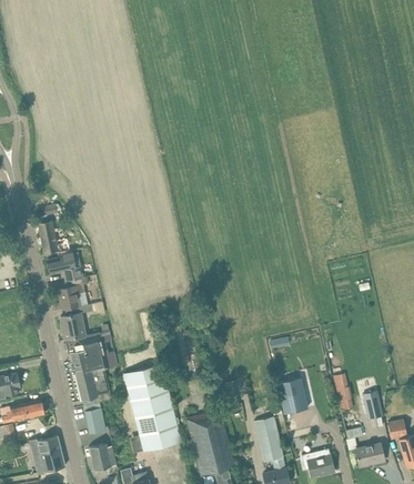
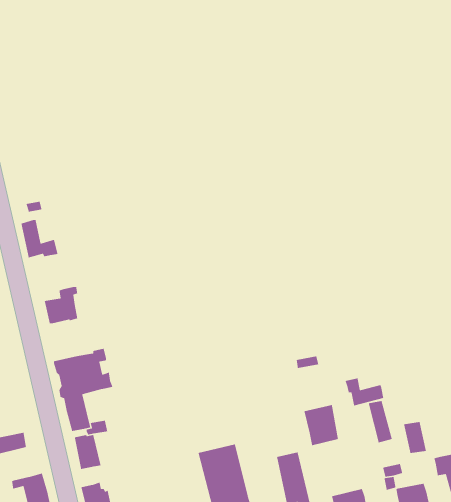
building: [47,251,83,282] -> none
building: [60,304,93,341] -> none
building: none -> [345,377,384,406]
building: [123,365,182,451] -> none

